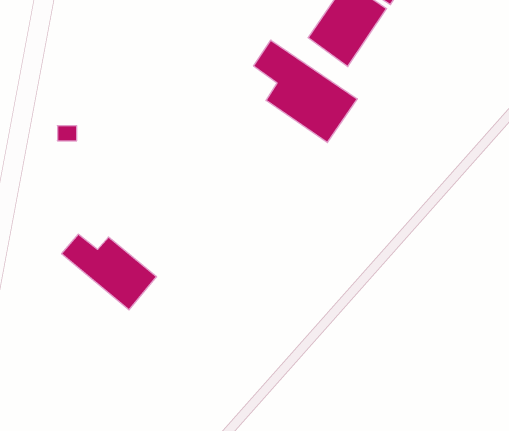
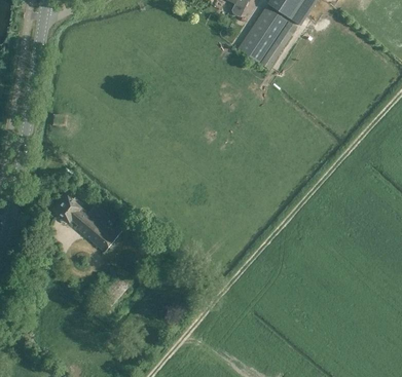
building: [254,40,357,143] -> none

